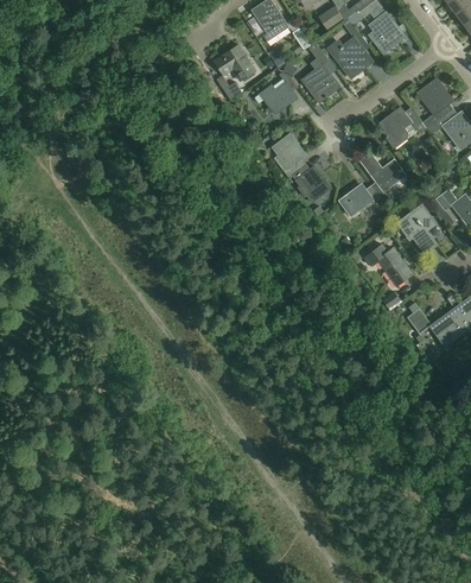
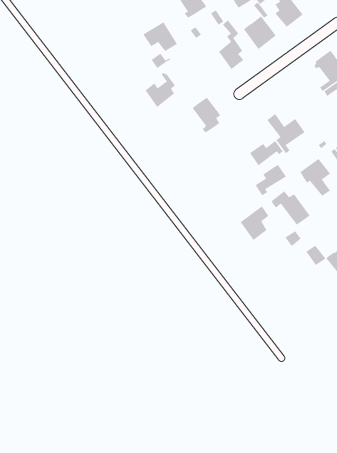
building: [261,72,298,114] -> [145,73,176,108]
building: [380,107,426,148] -> none
building: [292,165,331,202] -> none
building: none -> [255,164,287,196]
building: none -> [240,205,269,241]

